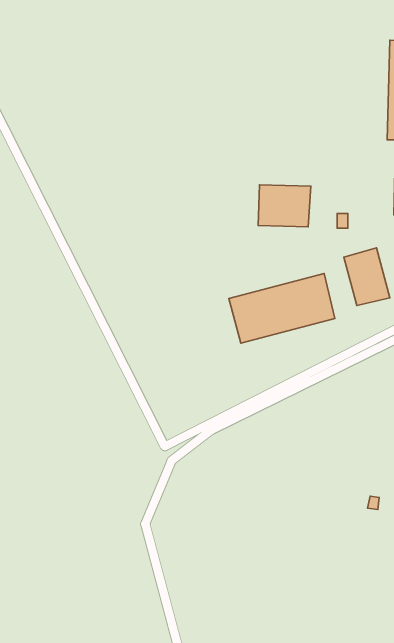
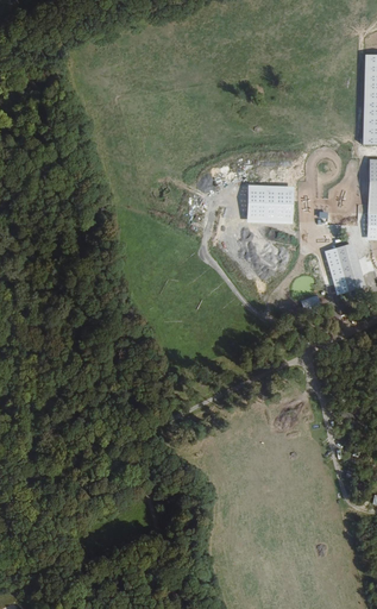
building: [229,274,335,343] -> none

